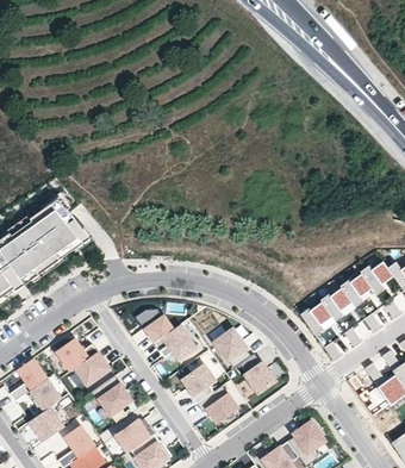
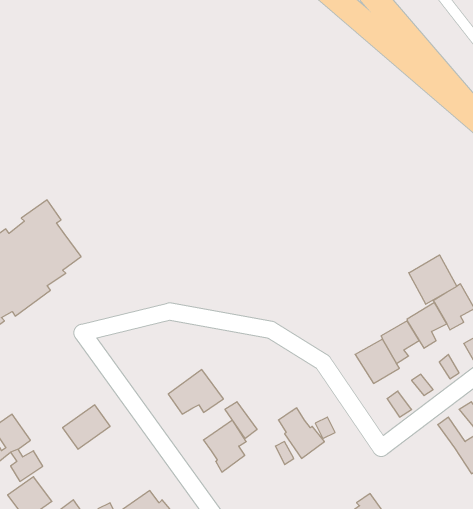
building: none -> [409,255,457,304]
building: [136,310,174,342] -> none
building: [214,330,251,368] -> none
building: [52,333,99,372] -> none
building: [91,376,132,417] -> none
building: [197,386,238,423] -> none

